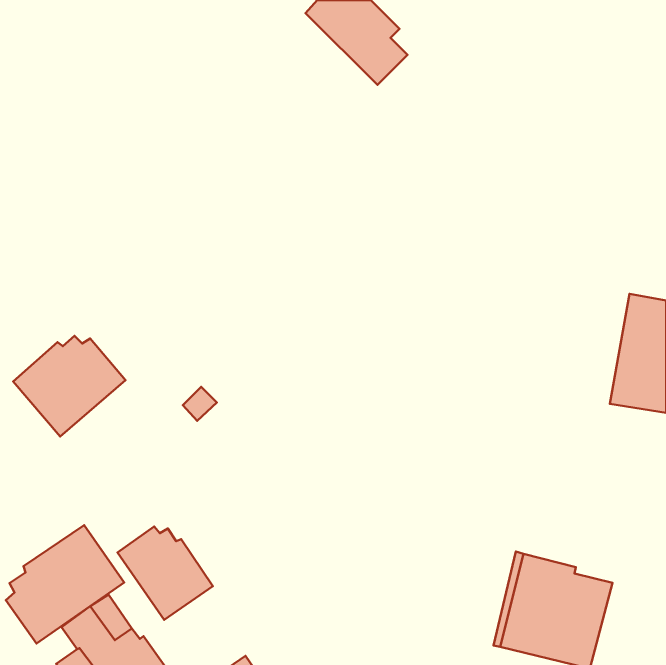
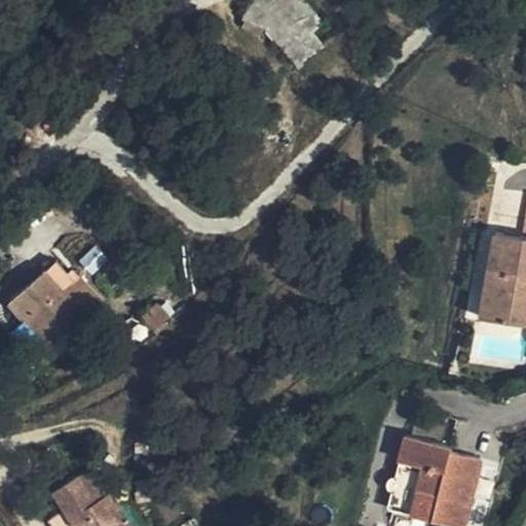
building: [6,525,124,643] -> none
building: [117,526,213,620] -> none

